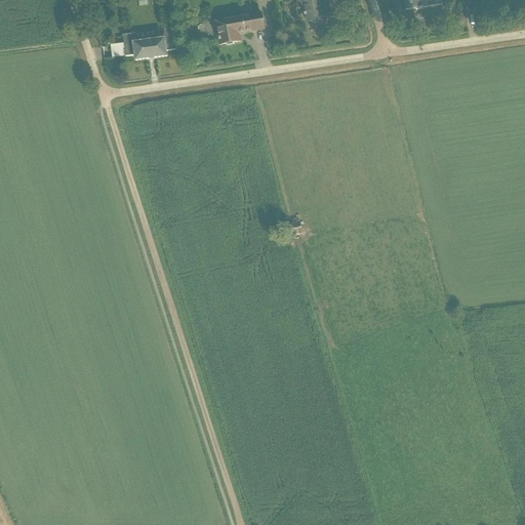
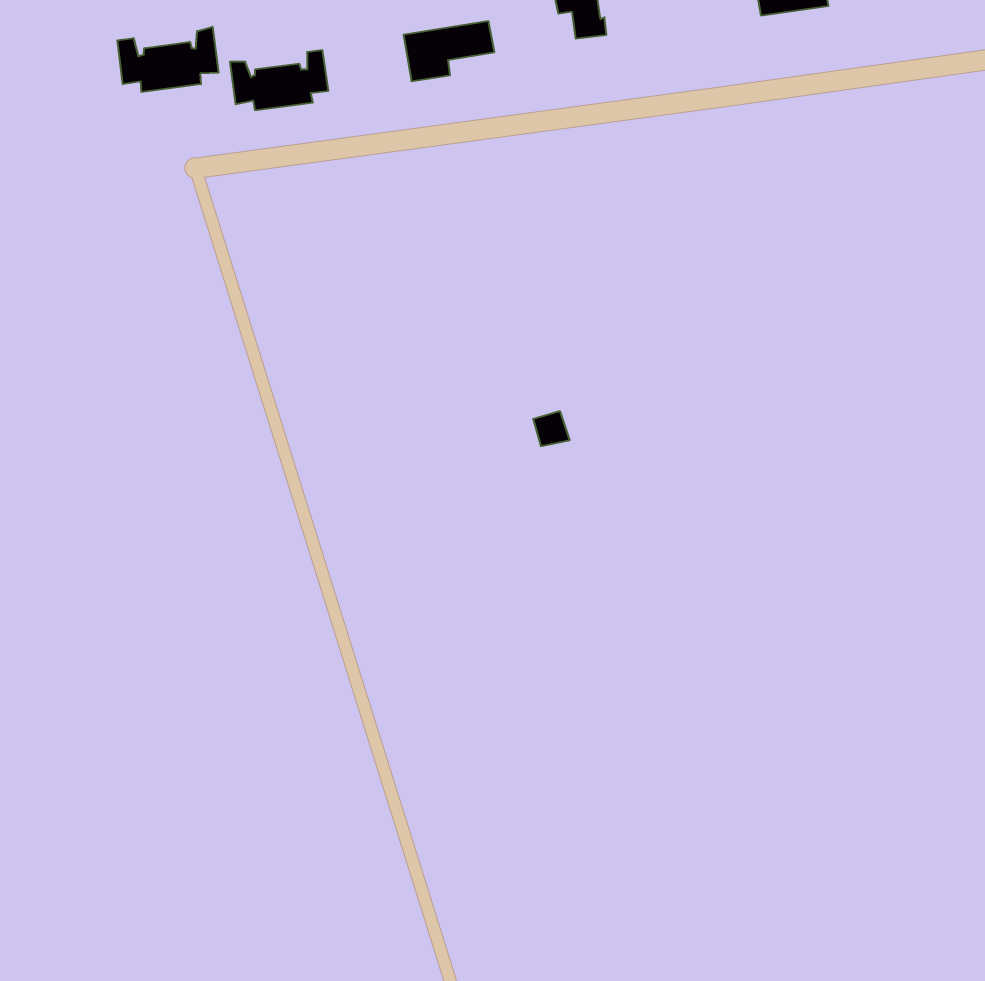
building: none -> [118,27,218,92]

